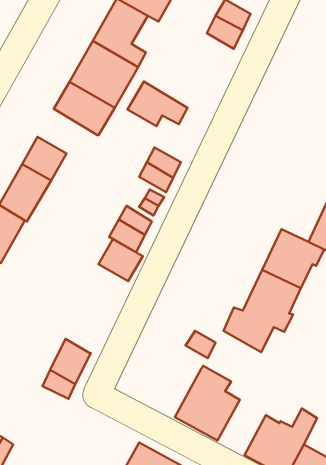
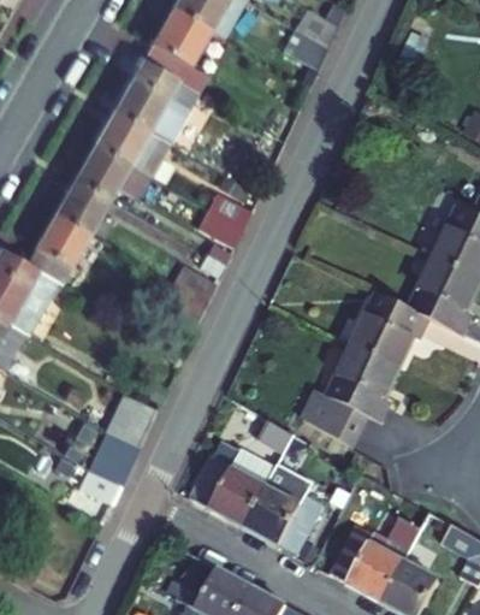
building: [127,81,187,126] -> [73,144,148,200]
building: [99,239,143,281] -> none
building: none -> [106,394,155,448]
building: none -> [191,449,277,527]

